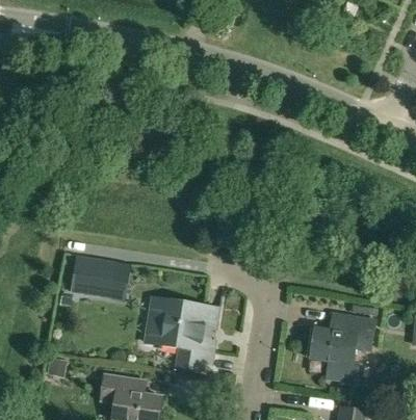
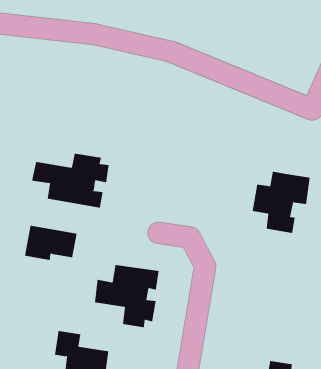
building: none -> [32,153,109,208]
building: [310,313,375,383] -> [252,171,310,233]

